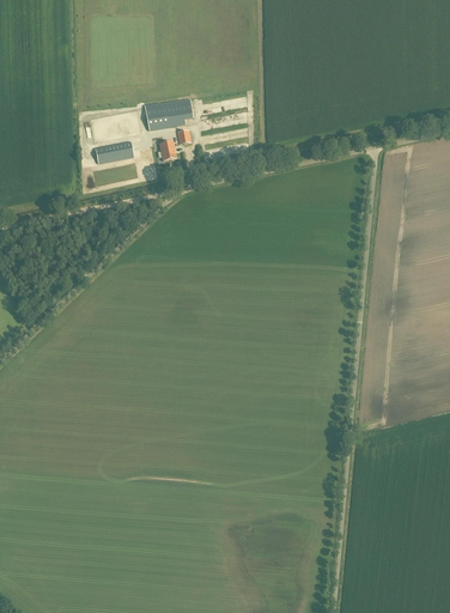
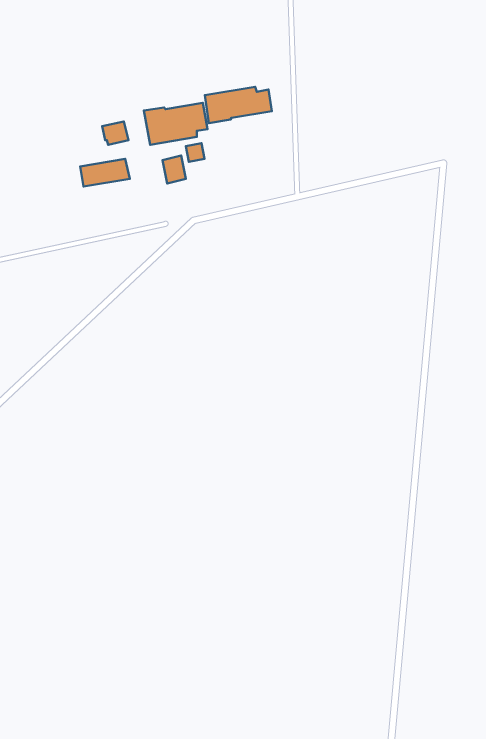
building: none -> [205,87,272,123]

